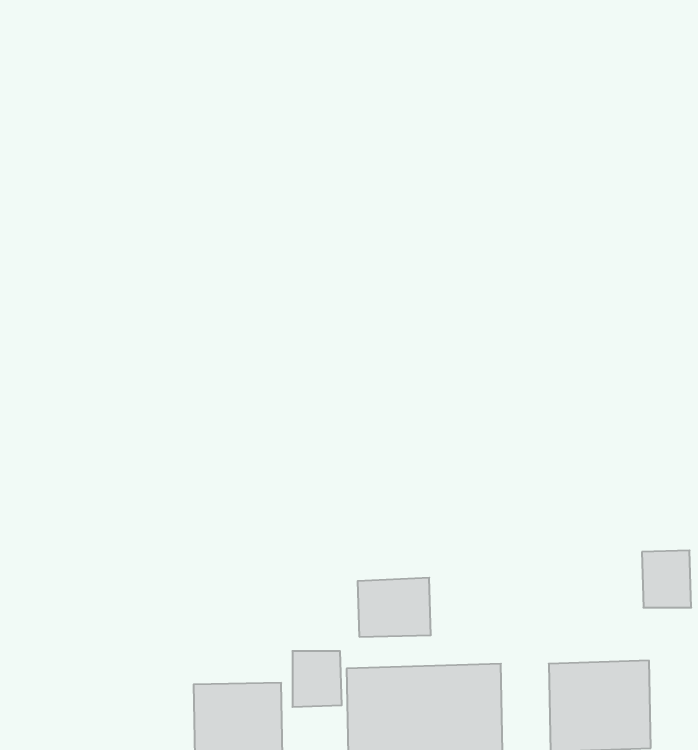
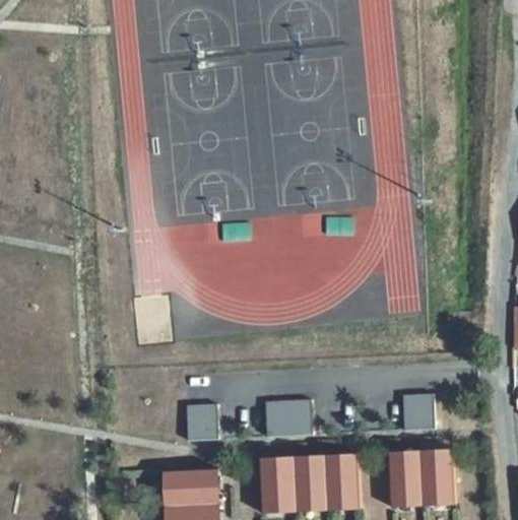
building: [642,550,691,608] -> [403,396,435,433]
building: [292,651,342,707] -> [187,402,218,438]

